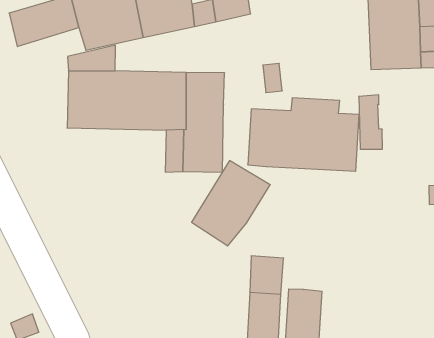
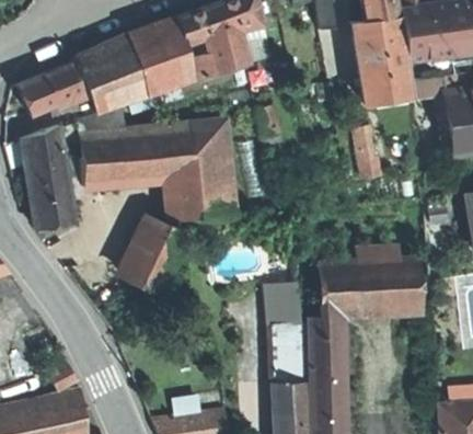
building: none -> [21,126,73,229]
building: [248,98,359,171] -> [319,247,423,316]
building: [192,161,270,246] -> [116,214,186,294]

